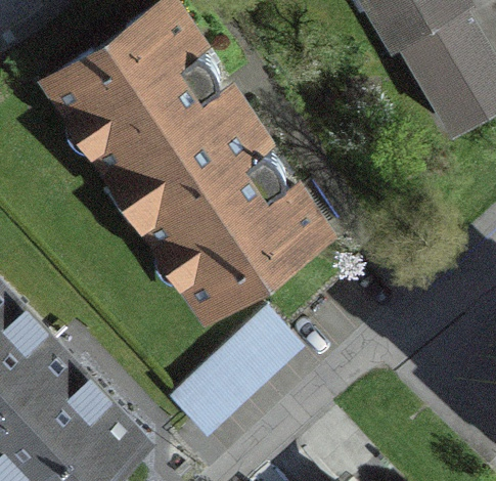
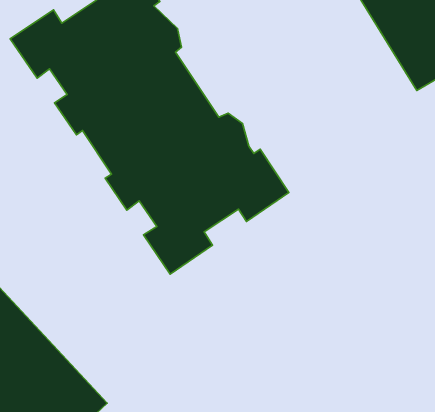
building: [171,308,300,433] -> none

